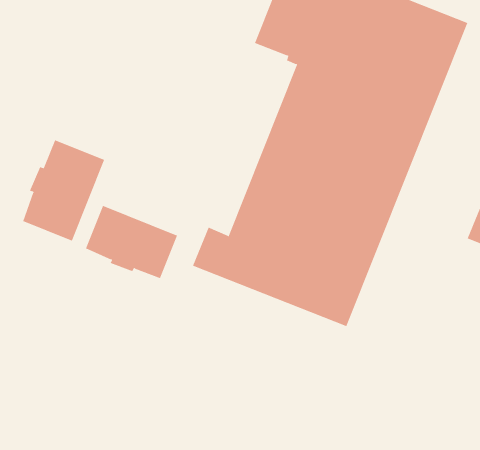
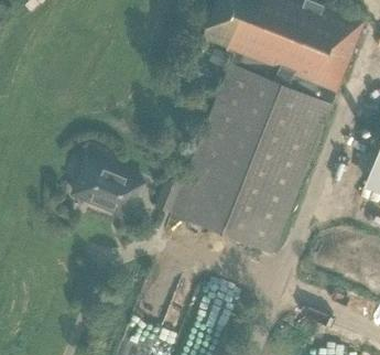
building: [23,139,105,241] -> none

